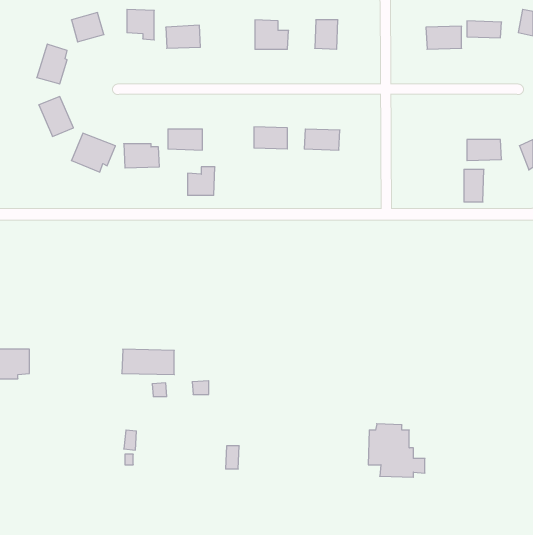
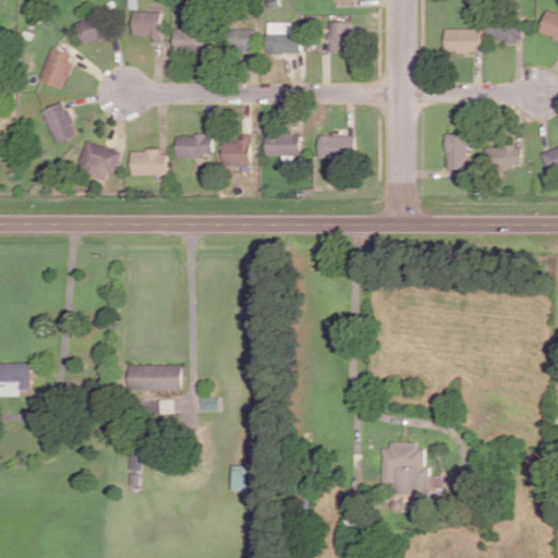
building: none -> [231,28,254,50]
building: [188,167,215,195] -> [221,135,250,165]
building: [464,169,484,202] -> [446,134,466,168]

